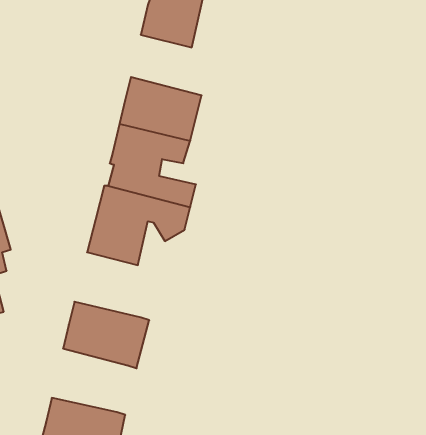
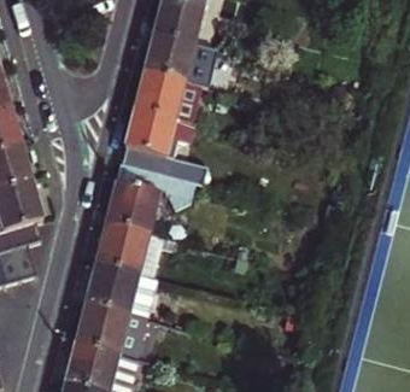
building: none -> [143,30,212,82]
building: none -> [95,216,163,271]
building: none -> [76,298,141,352]

